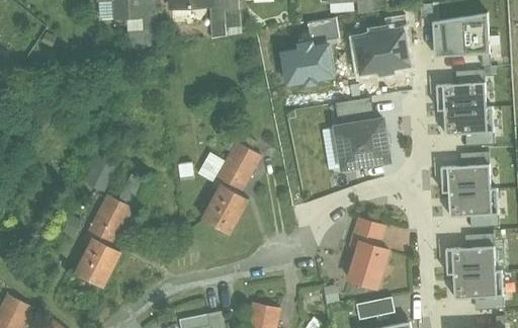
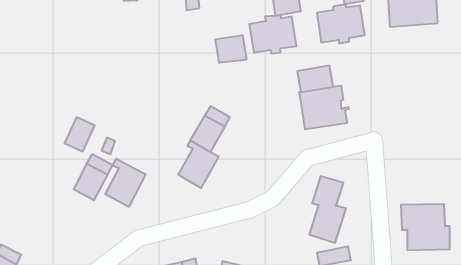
building: none -> [216,35,246,63]
building: [435,82,492,133] -> none
building: [440,164,497,215] -> none
building: [76,233,120,285] -> [105,159,146,207]

